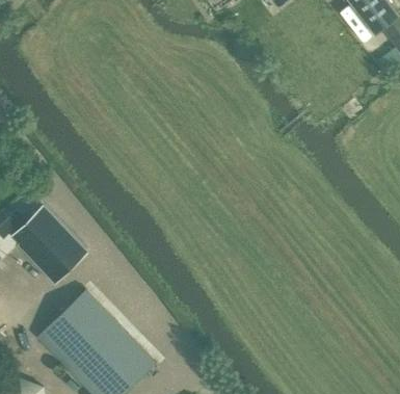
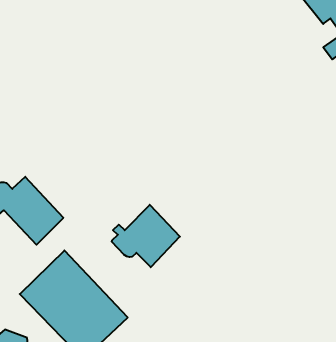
building: none -> [112,205,180,267]

